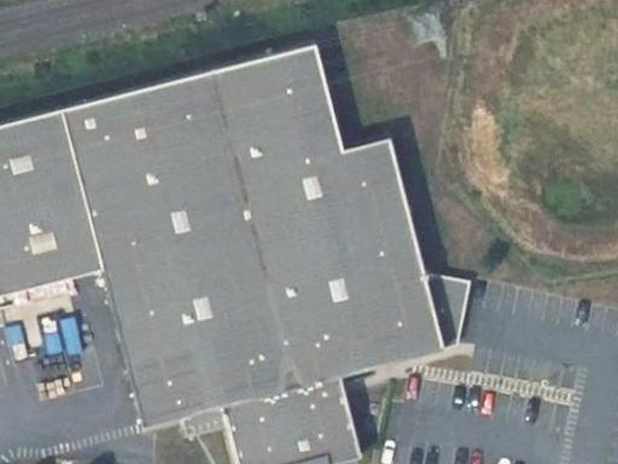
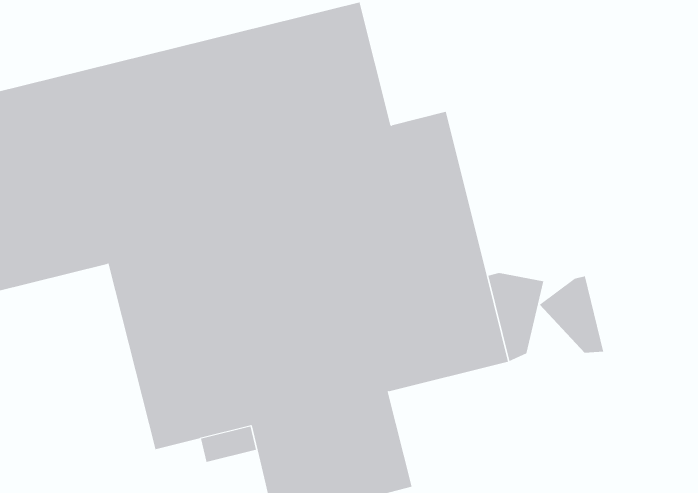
building: none -> [539,276,604,354]

